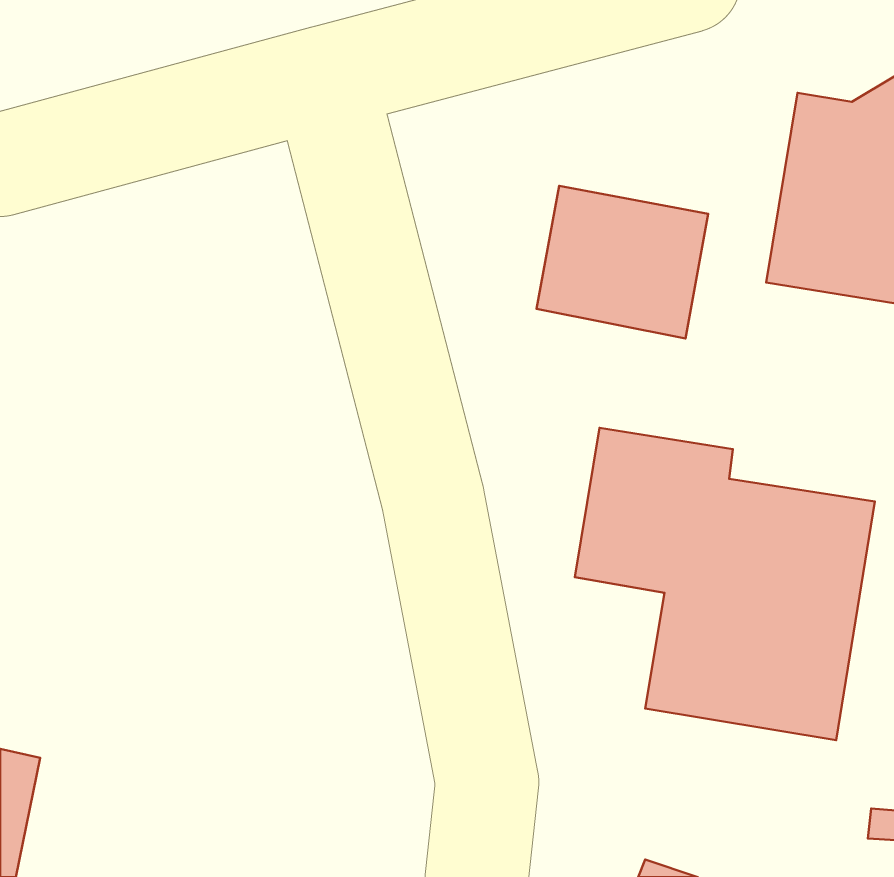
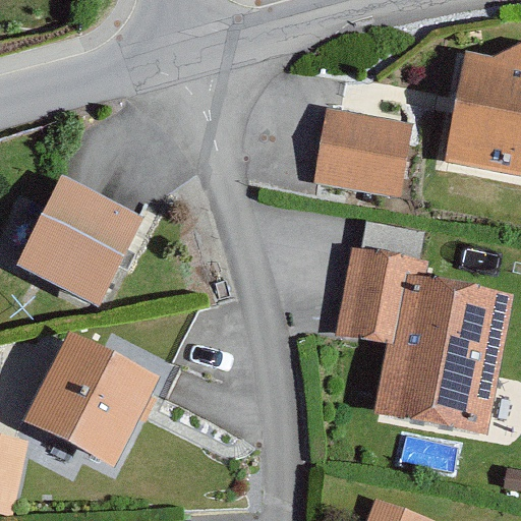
building: none -> [17,174,144,302]
building: none -> [23,331,159,466]

